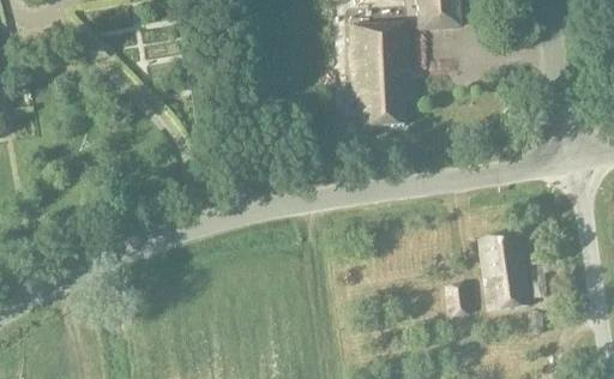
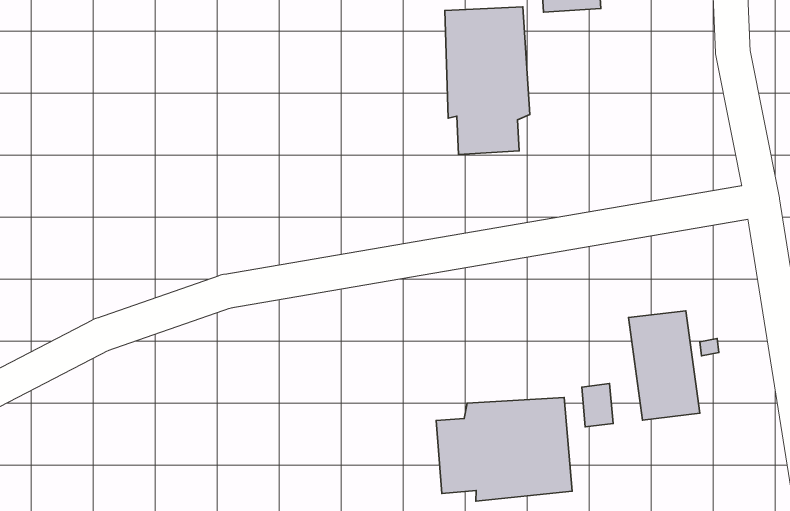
building: none -> [436,397,572,501]

